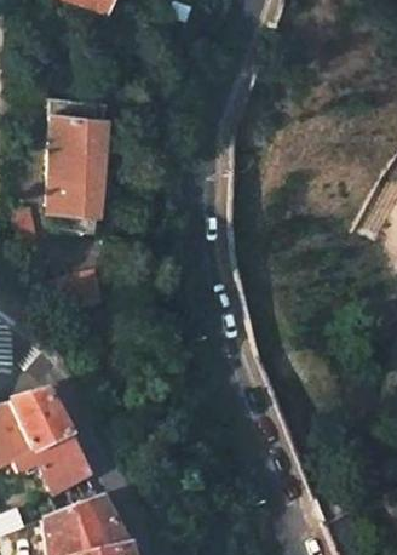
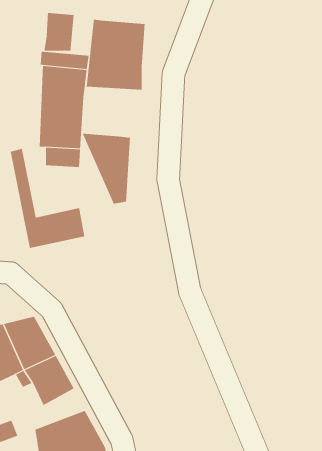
building: none -> [44,12,74,52]
building: none -> [86,19,145,90]
building: none -> [82,133,130,204]

